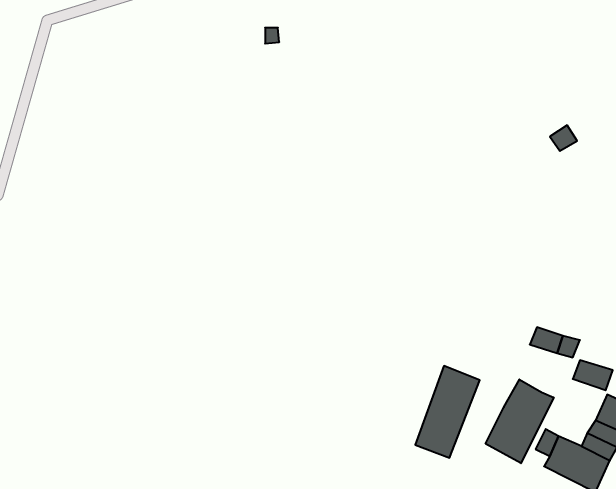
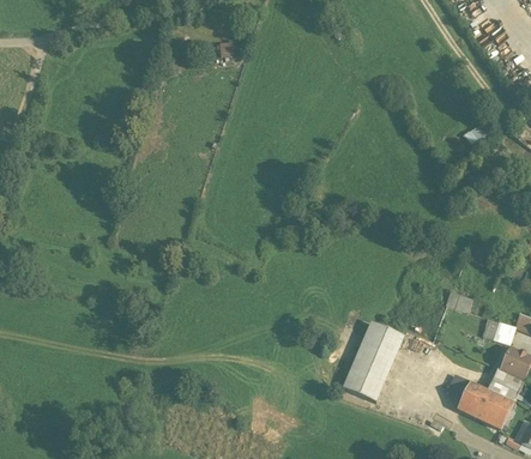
building: [486,379,554,463] -> none

